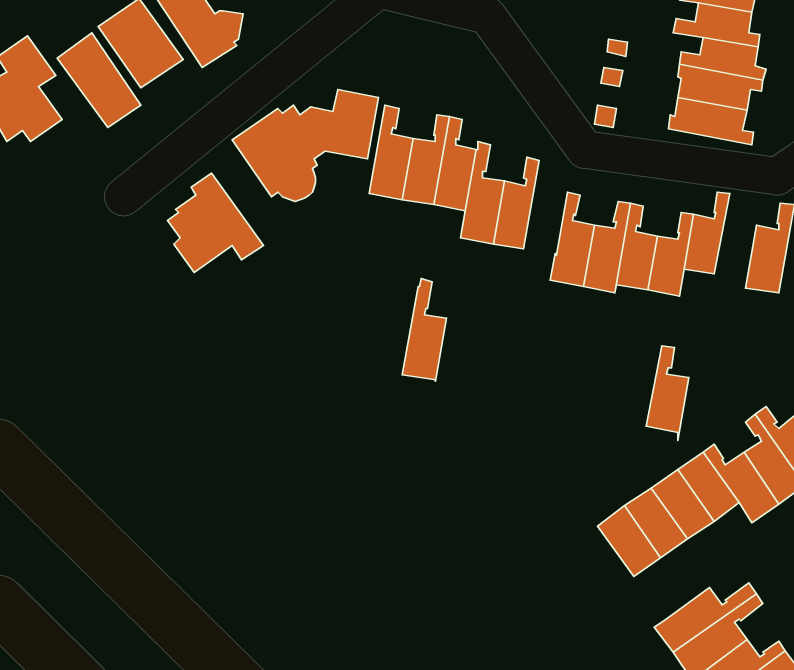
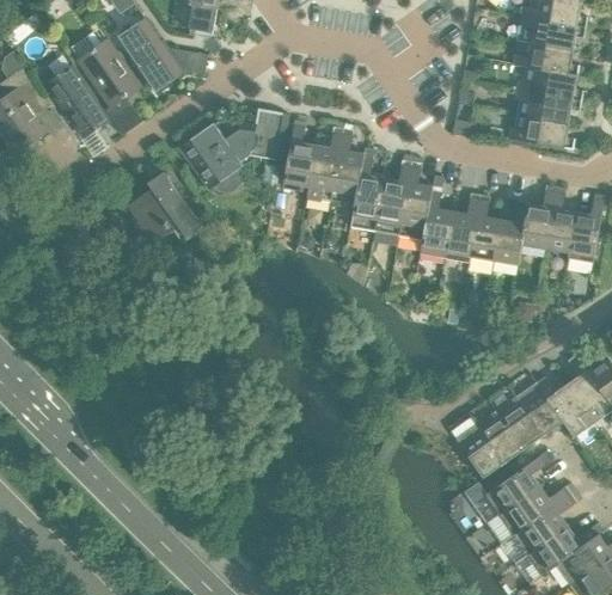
building: [402,279,446,381] -> [399,157,433,234]
building: [646,346,689,440] -> [544,188,576,259]
building: none -> [484,450,553,516]

